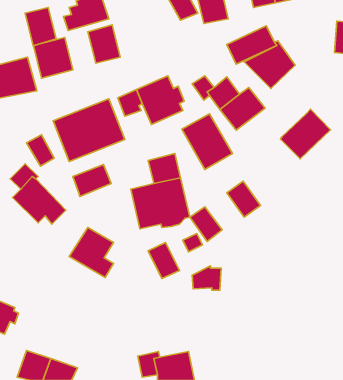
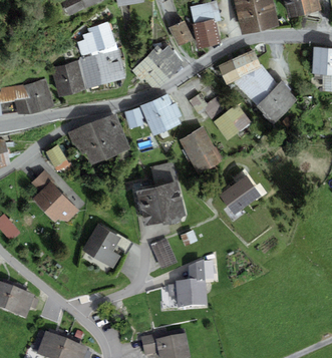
building: [25,7,56,46] -> [78,55,105,88]
building: none -> [132,45,184,90]
building: [281,109,330,159] -> [256,80,299,123]
building: [73,164,111,196] -> none
building: [190,207,222,241] -> [233,175,261,206]
building: none -> [176,277,208,307]

